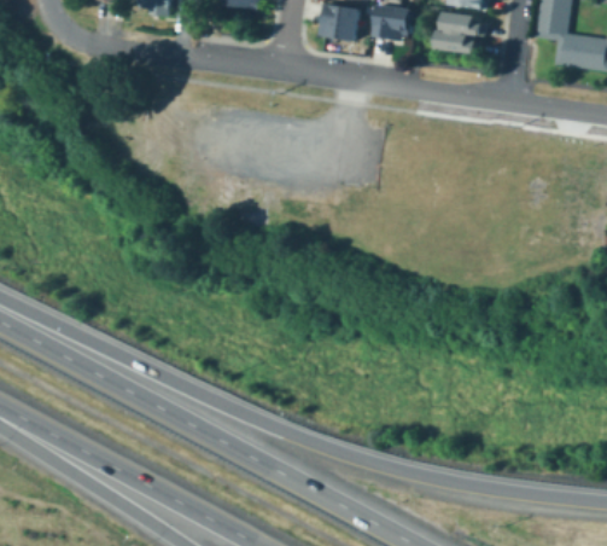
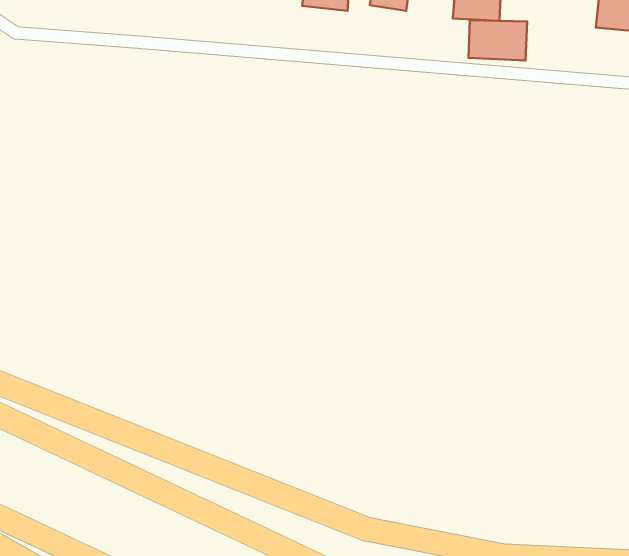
building: none -> [468,20,527,60]

